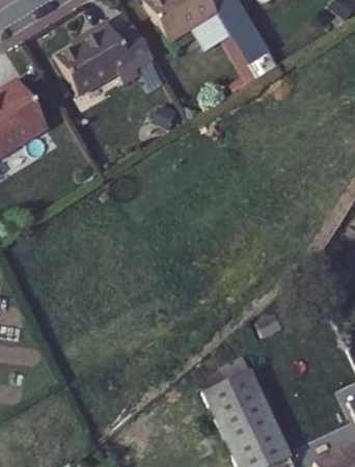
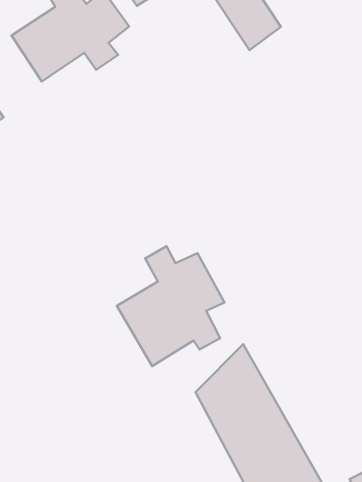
building: none -> [117,246,225,366]

